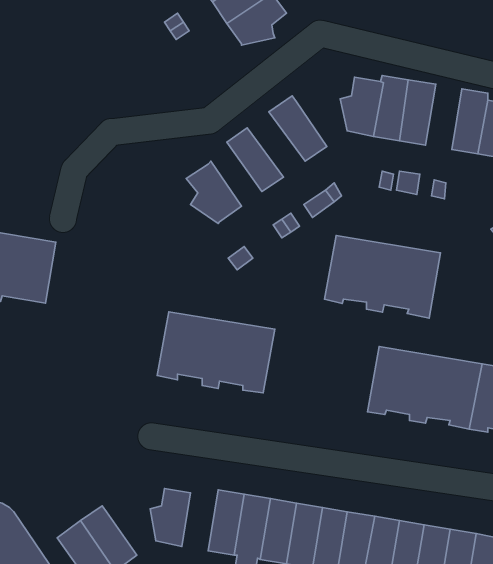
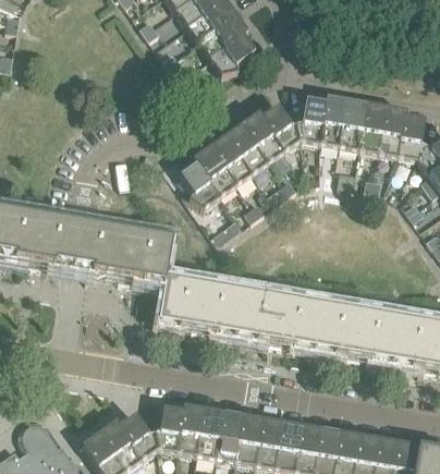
building: none -> [360,100,388,149]
building: none -> [264,101,302,147]
building: none -> [227,121,270,170]
building: none -> [194,144,237,192]
building: [325,235,441,318] -> [239,284,326,347]
building: none -> [75,219,174,283]
building: none -> [178,402,205,451]
building: none -> [121,411,158,454]

